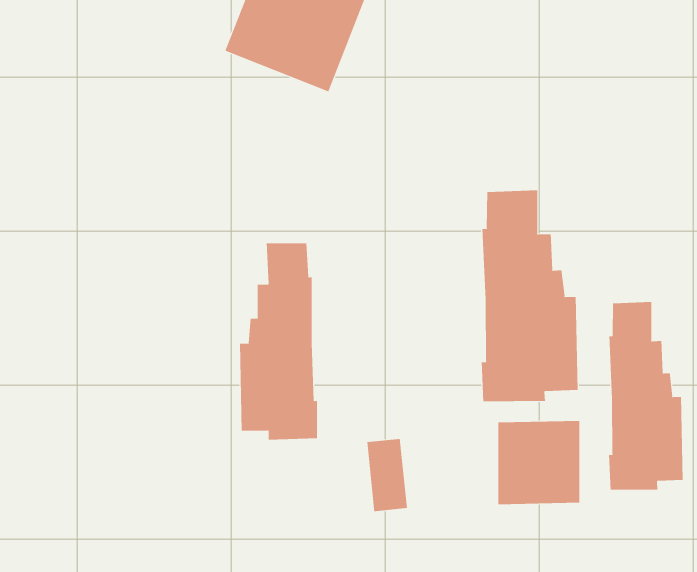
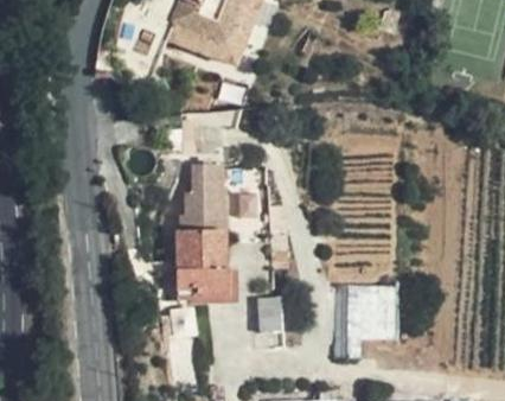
building: [481,190,578,402] -> none
building: [609,301,683,491] -> none

